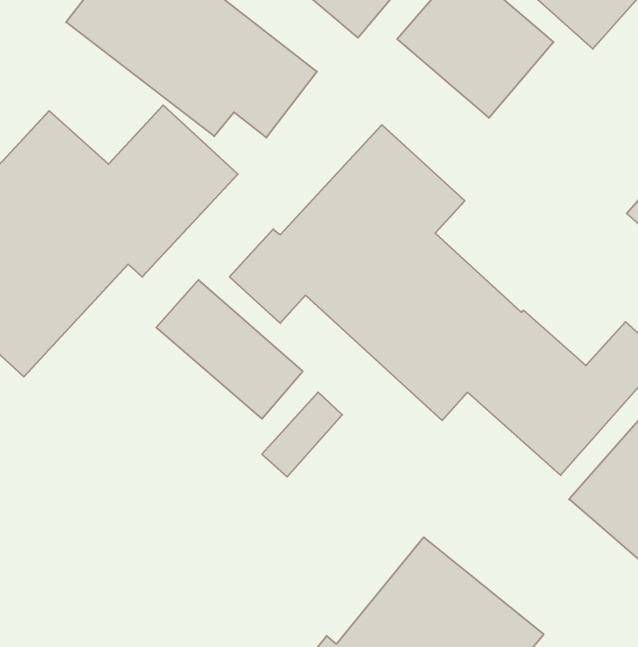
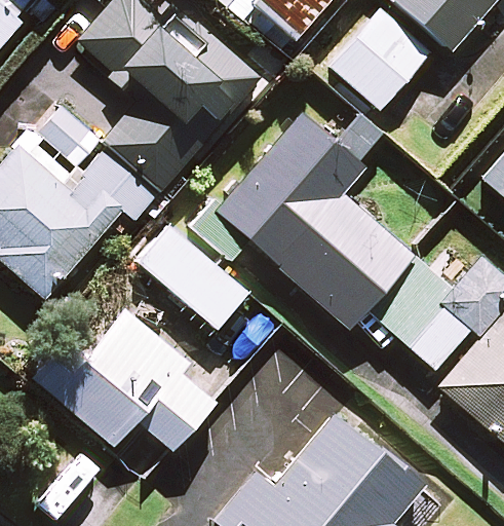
building: none -> [32,310,212,450]

